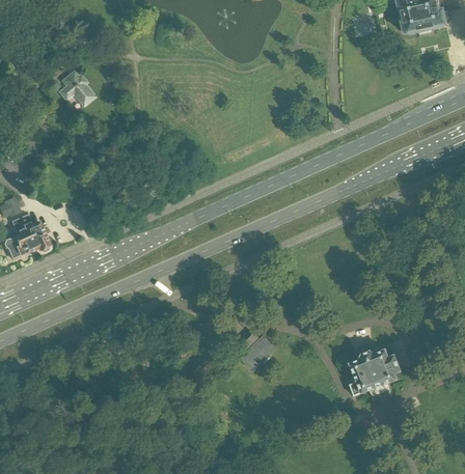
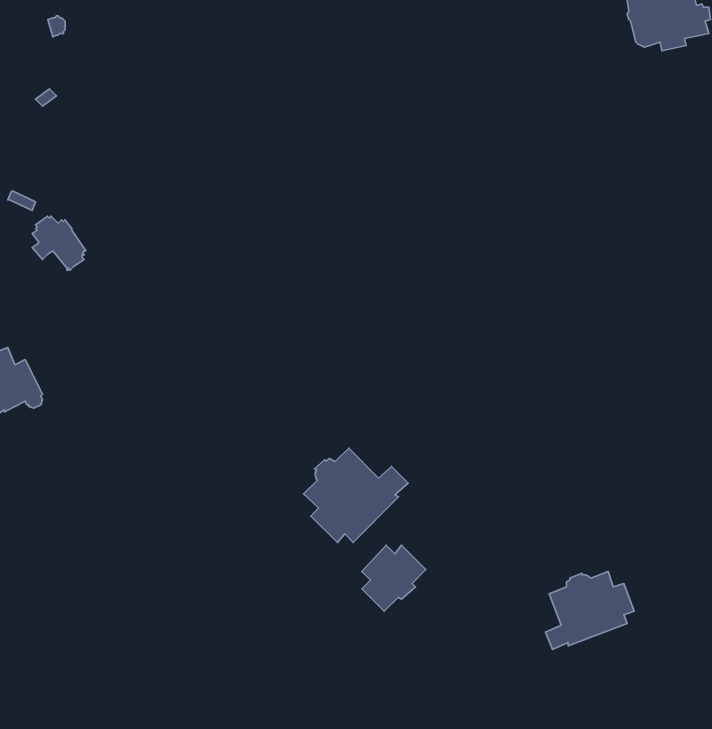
building: [61,73,93,105] -> [32,216,86,270]
building: none -> [303,448,408,542]

